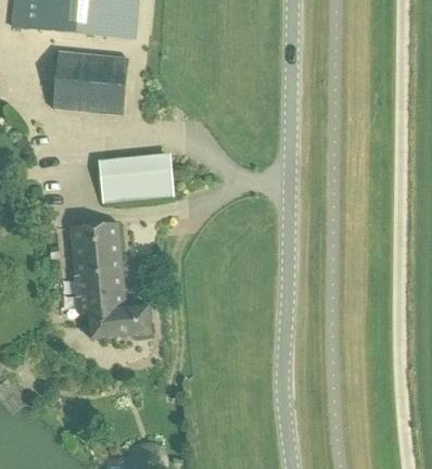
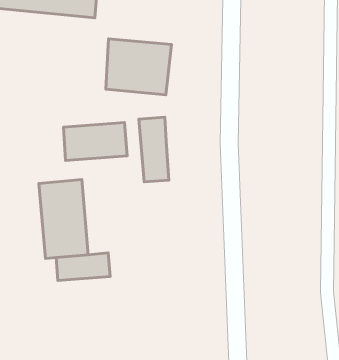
building: [54,50,129,114] -> [106,39,171,95]
building: none -> [139,117,169,182]

